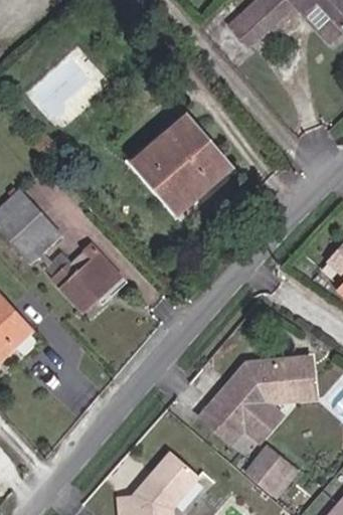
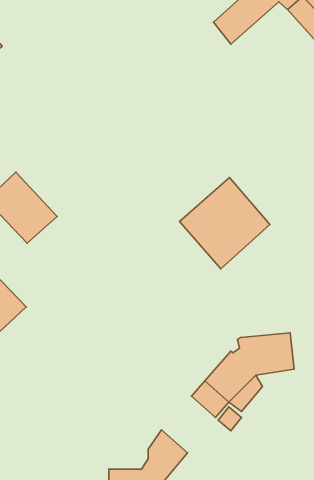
building: [134,116,228,211] -> [180,177,270,269]
building: [50,242,120,312] -> none
building: [242,447,291,496] -> none

